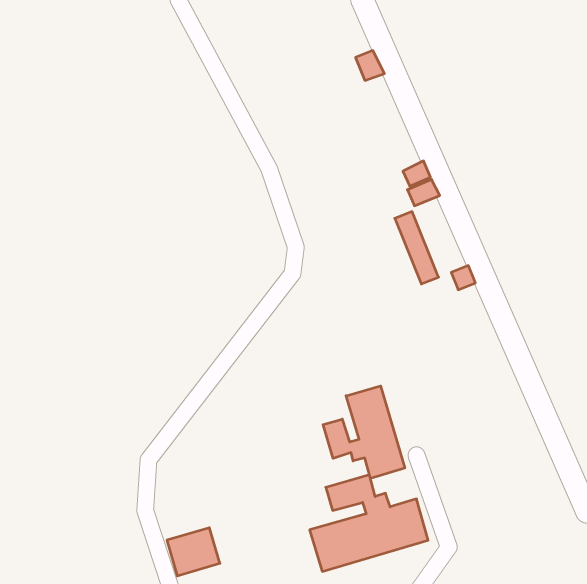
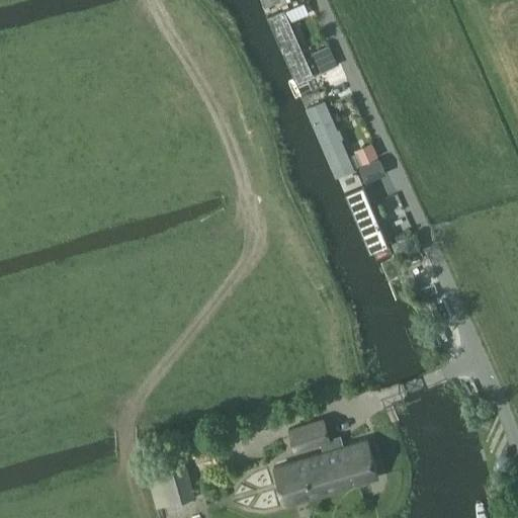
building: none -> [266,11,314,85]
building: none -> [304,100,355,179]
building: [323,386,405,478] -> none

